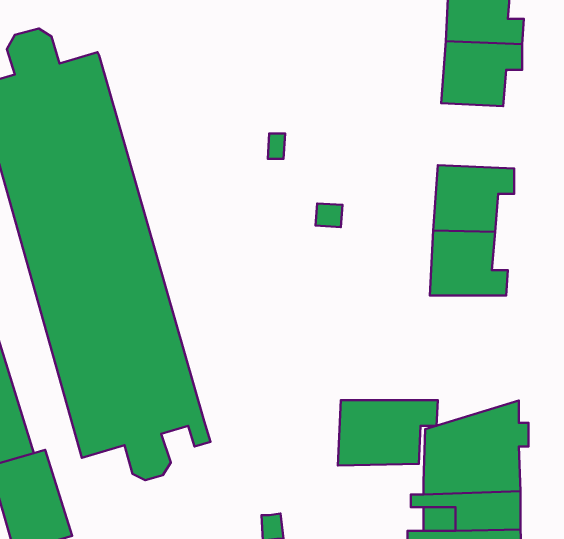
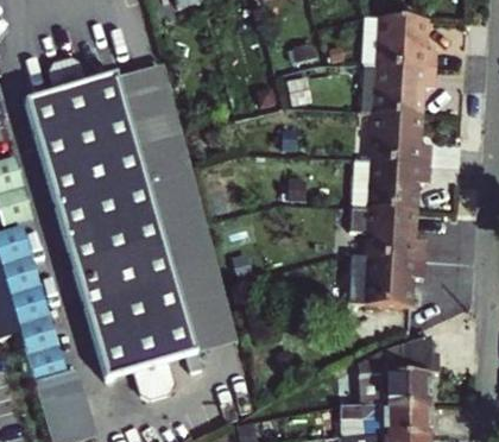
building: none -> [116,64,238,351]
building: none -> [369,113,428,162]
building: [338,400,438,465] -> [346,257,421,305]

